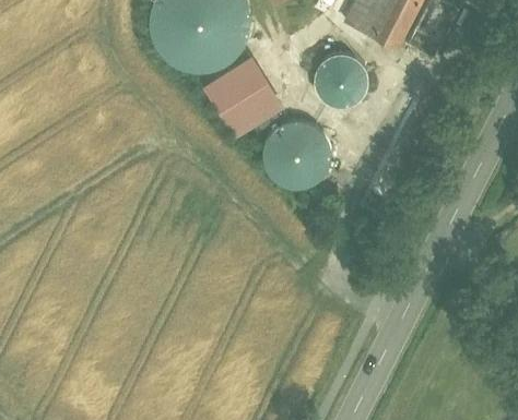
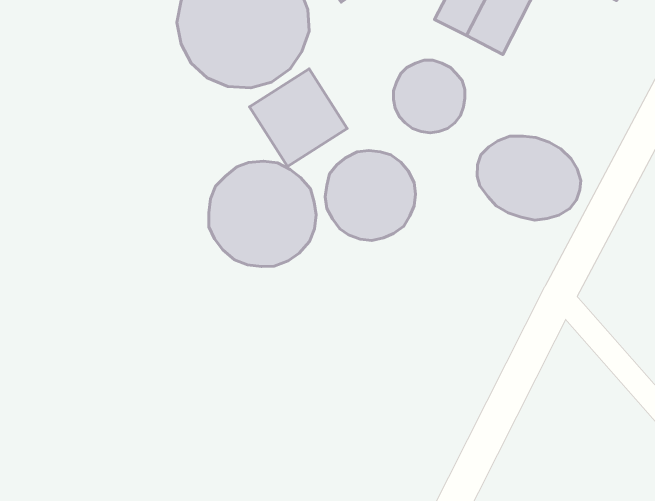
building: none -> [477,136,581,220]
building: none -> [209,161,316,267]

